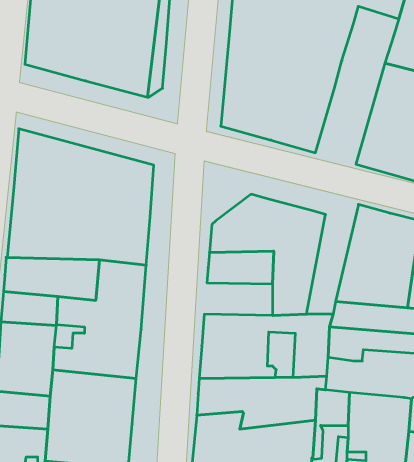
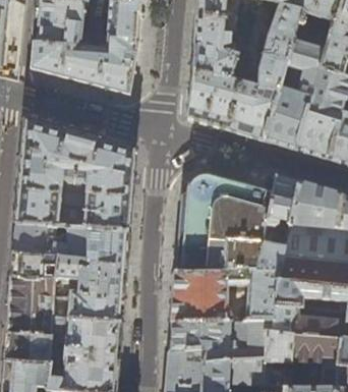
building: none -> [265,37,328,150]
building: none -> [257,175,299,271]
building: none -> [175,245,230,272]
building: none -> [273,305,337,338]

